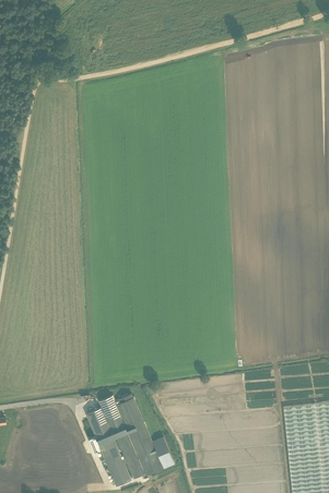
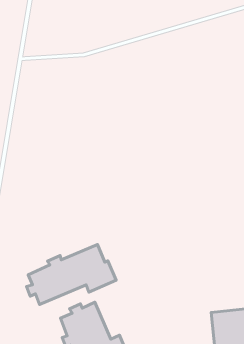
building: none -> [27,244,116,305]

